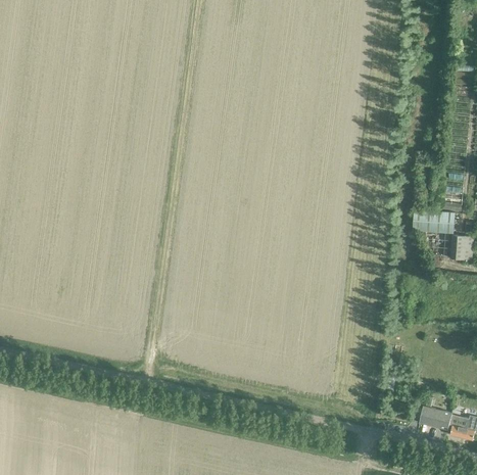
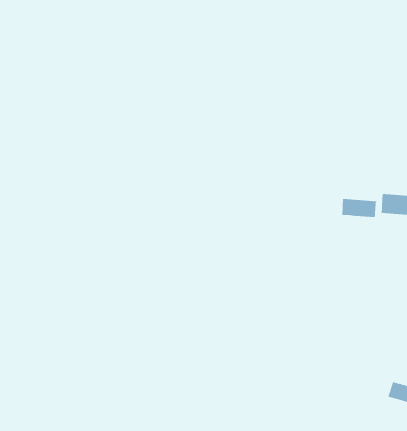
building: none -> [342,198,377,218]

